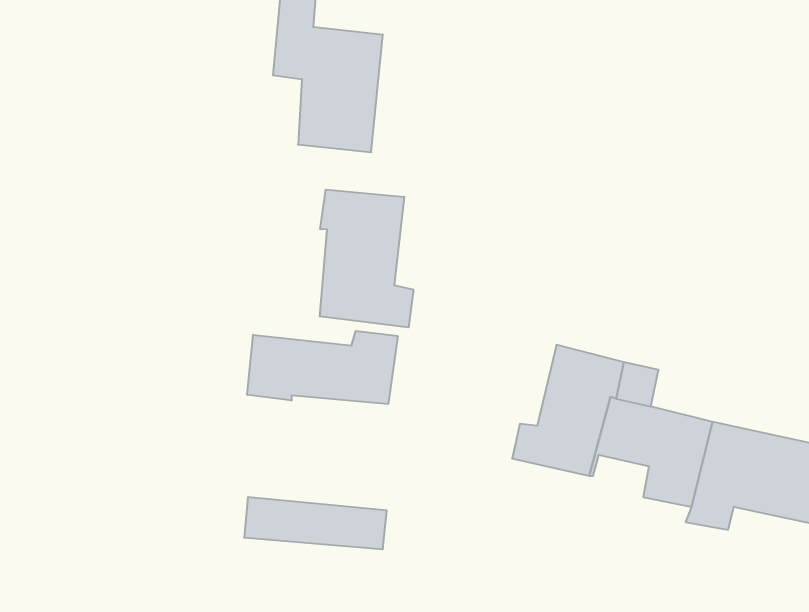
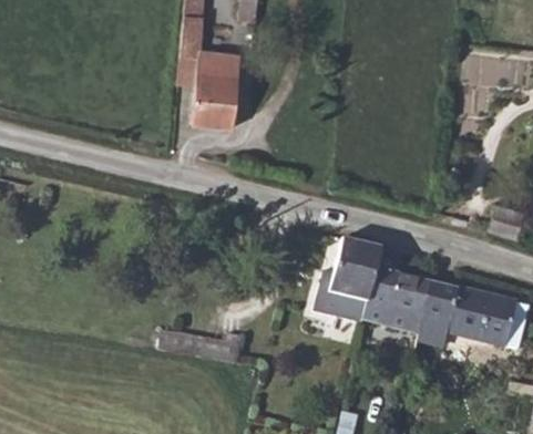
building: [320,190,413,327] -> none
building: [247,331,398,404] -> none

